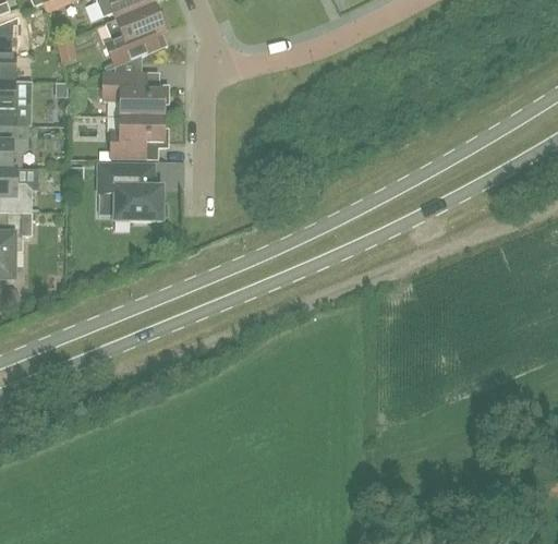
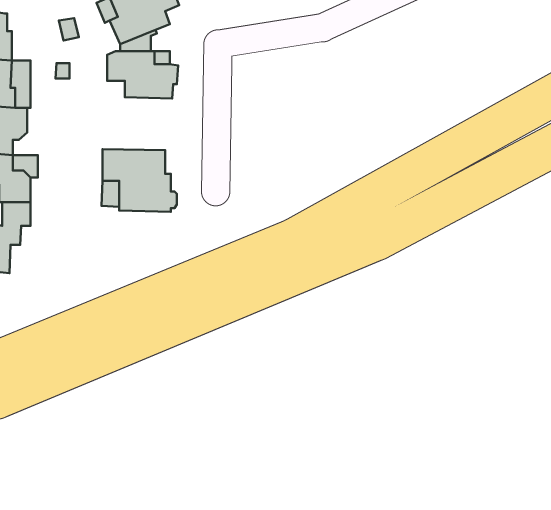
building: [110,114,167,157] -> none

